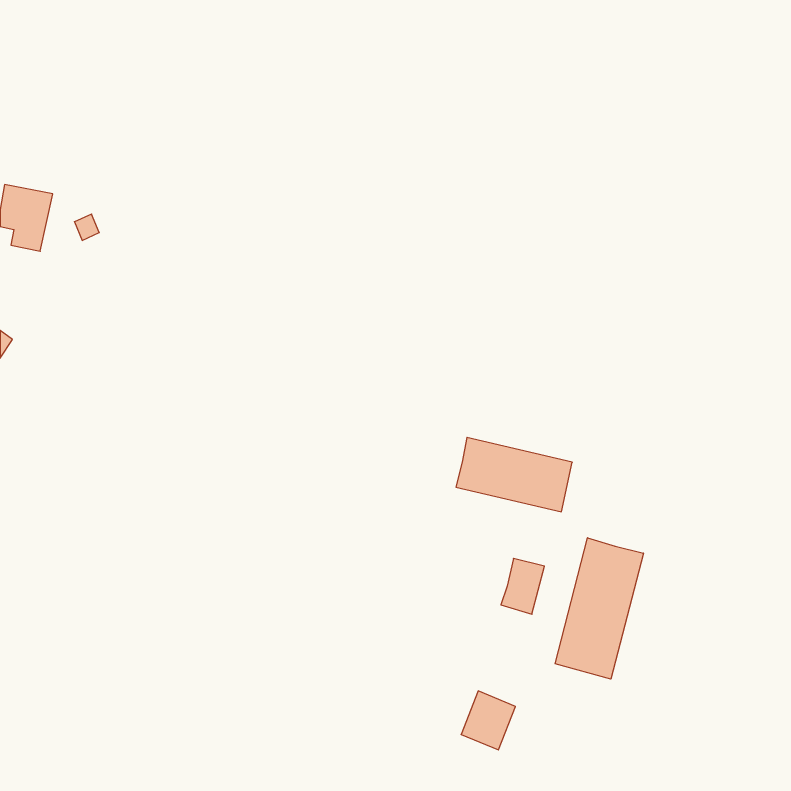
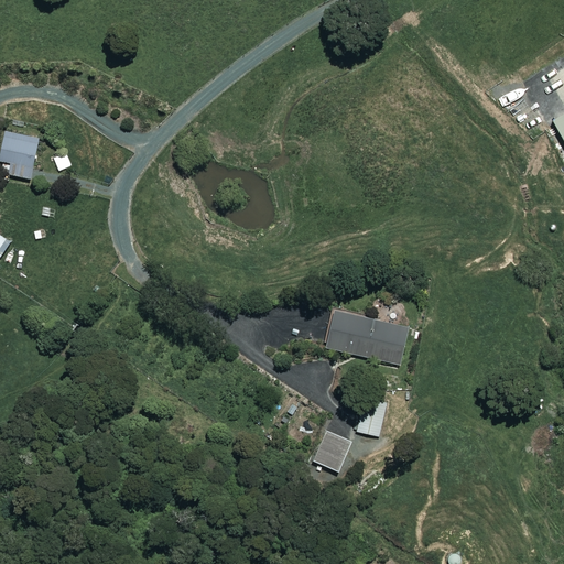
building: [555,538,643,679] -> none
building: [461,691,515,750] -> [313,430,351,471]

